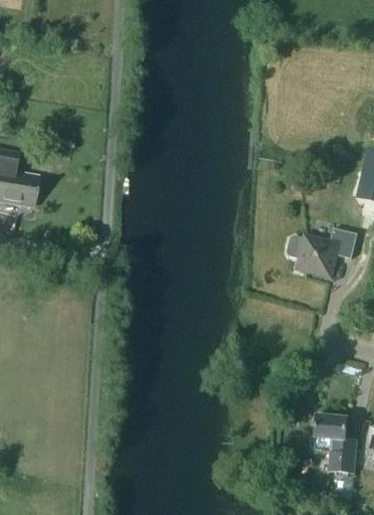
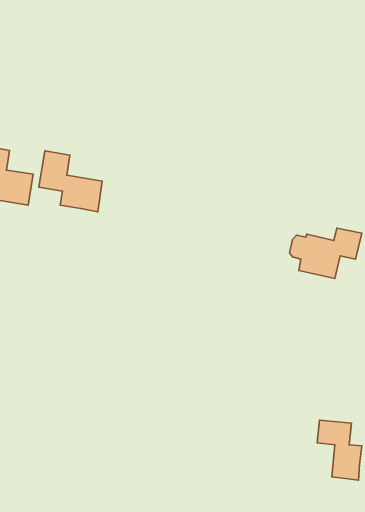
building: none -> [39,151,102,212]

